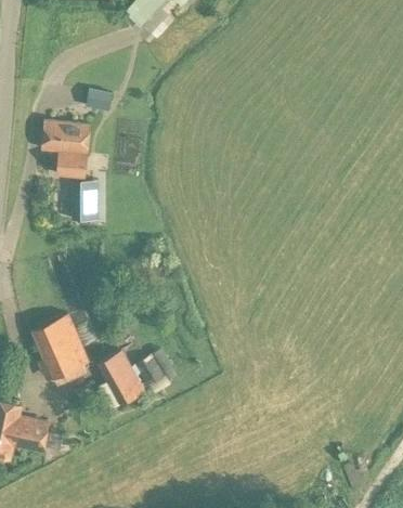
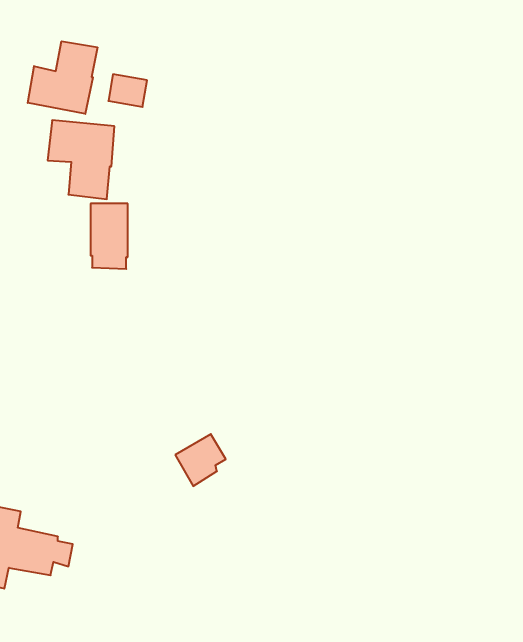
building: none -> [28,41,97,114]
building: [34,314,91,378] -> none
building: [97,350,146,405] -> none

